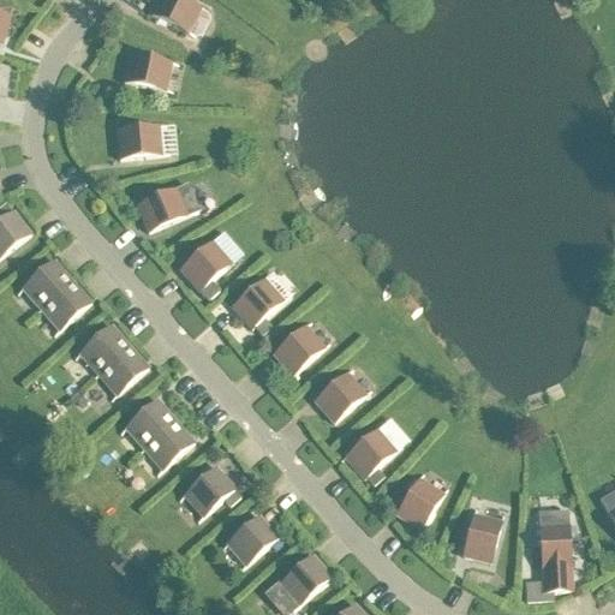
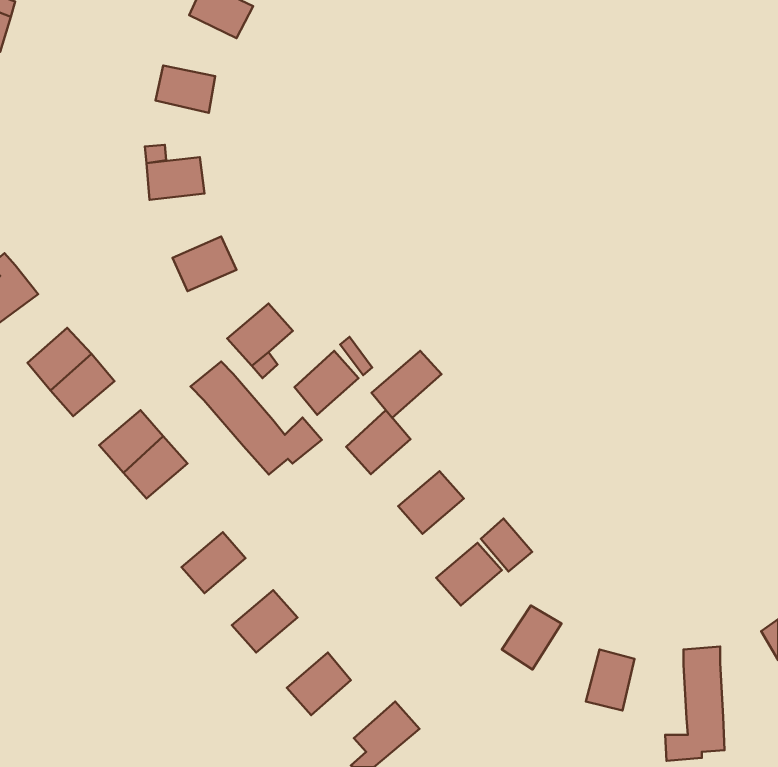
building: none -> [372,351,441,418]
building: none -> [191,361,322,475]
building: [124,398,175,447] -> none
building: none -> [481,519,532,572]

